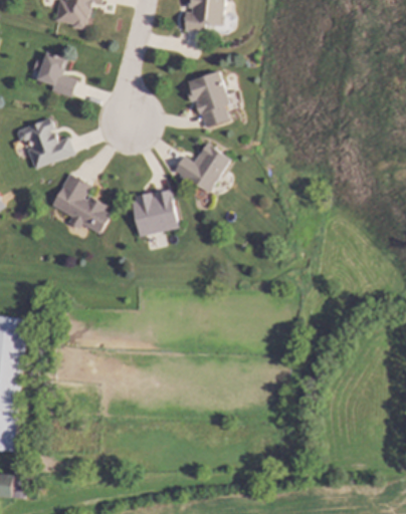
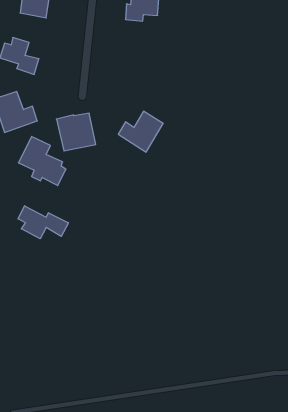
building: [186,70,229,127] -> none
building: [130,190,178,236] -> [56,113,96,151]
building: none -> [18,206,68,239]

